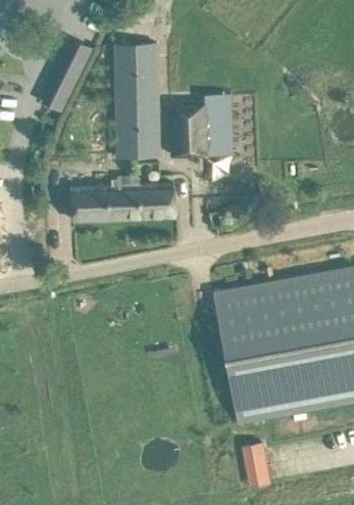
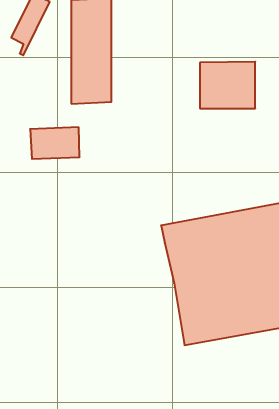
building: [170,103,231,154] -> [200,62,255,108]
building: [122,183,173,218] -> none
building: [236,439,267,486] -> none

